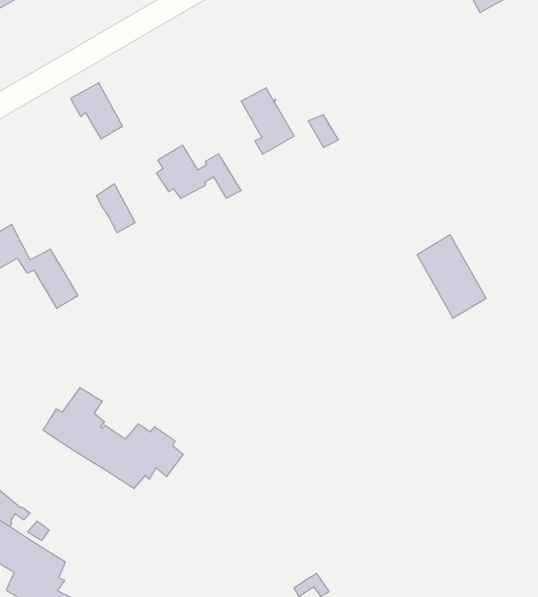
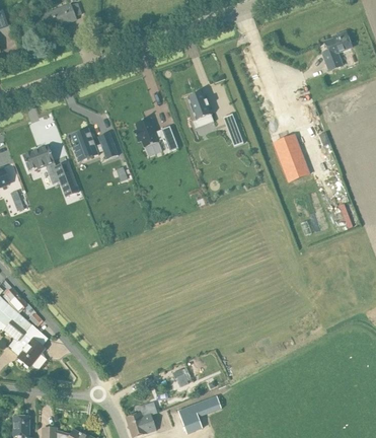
building: [71,83,122,139] -> [71,129,97,160]
building: [417,235,486,318] -> [274,137,308,184]
building: [43,388,183,489] -> none

